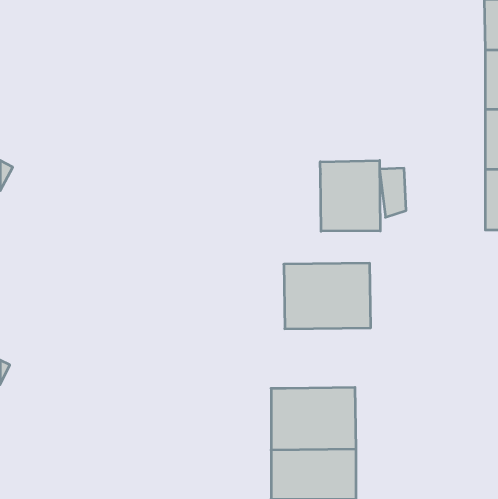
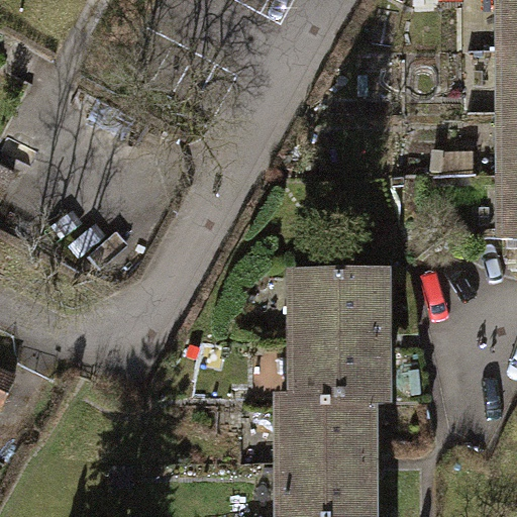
building: [320,160,380,231] -> none
building: none -> [296,338,385,401]

